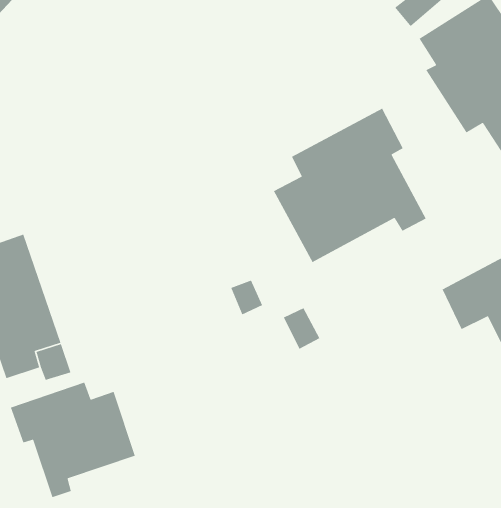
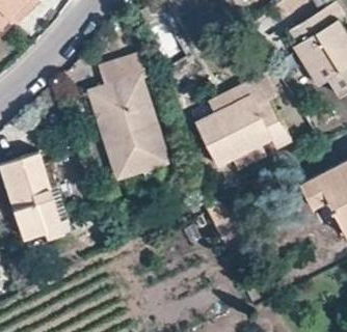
building: none -> [87,52,172,184]
building: [10,382,136,498] -> none

